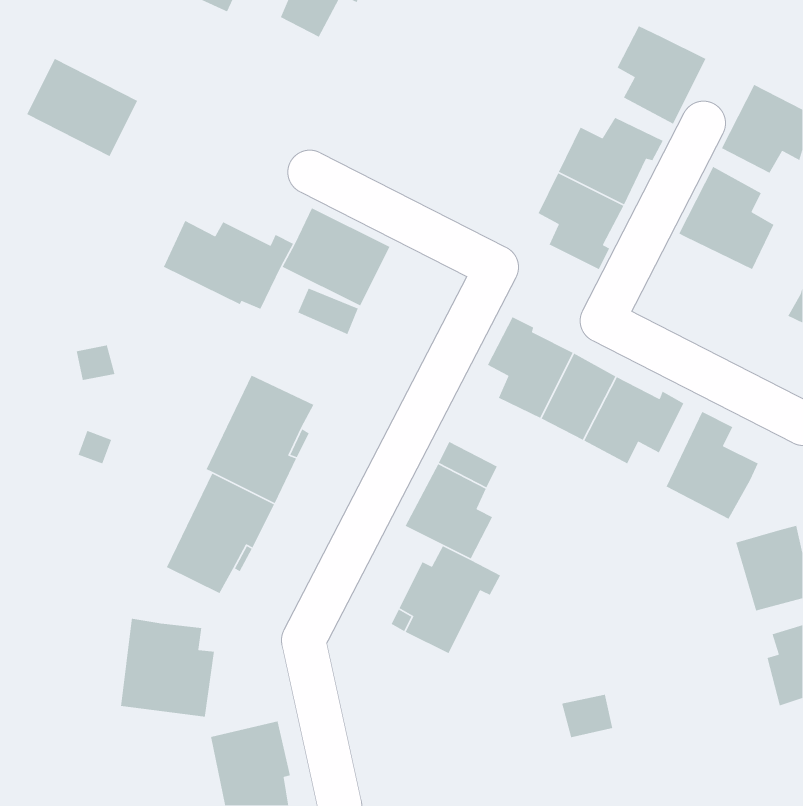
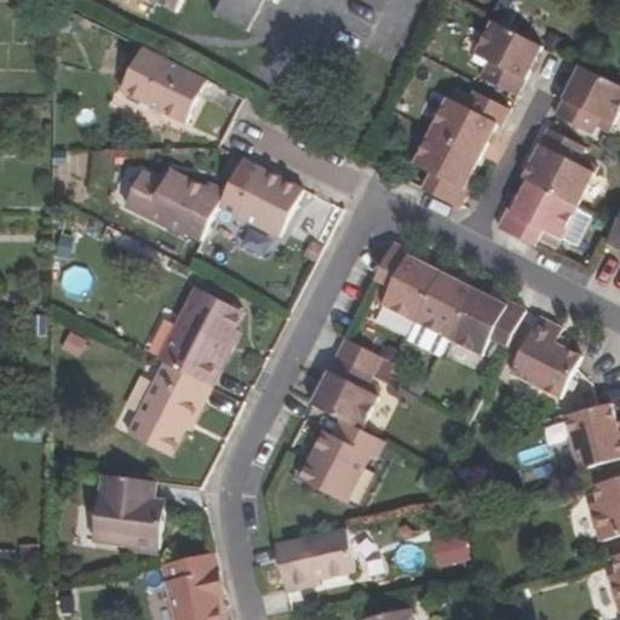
building: [26,58,138,157] -> [120,46,206,122]
building: none -> [495,182,576,246]
building: none -> [275,528,354,587]

